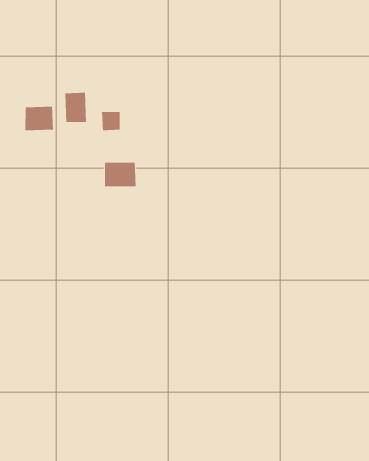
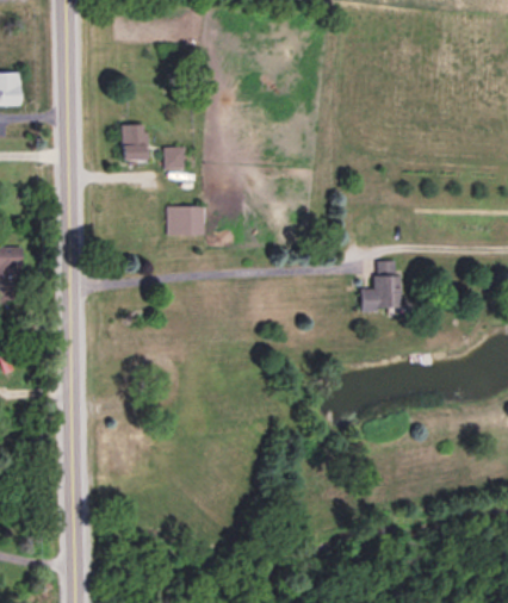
building: [25,106,53,131] -> none
building: none -> [359,261,401,311]

